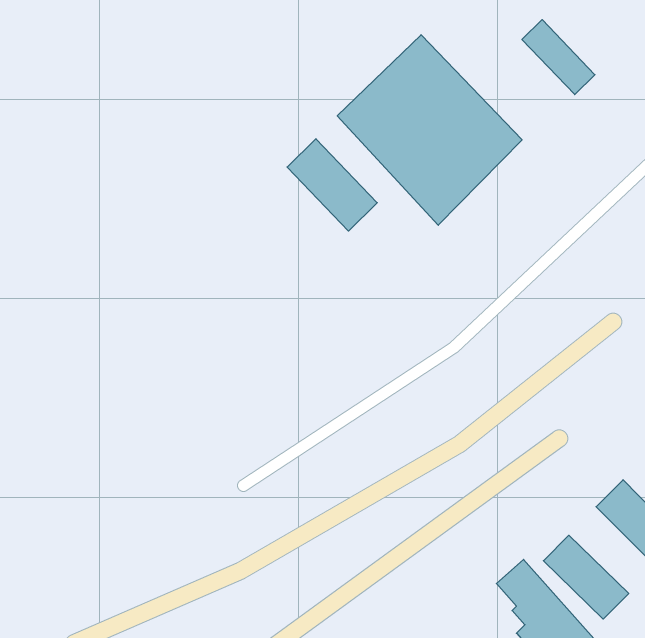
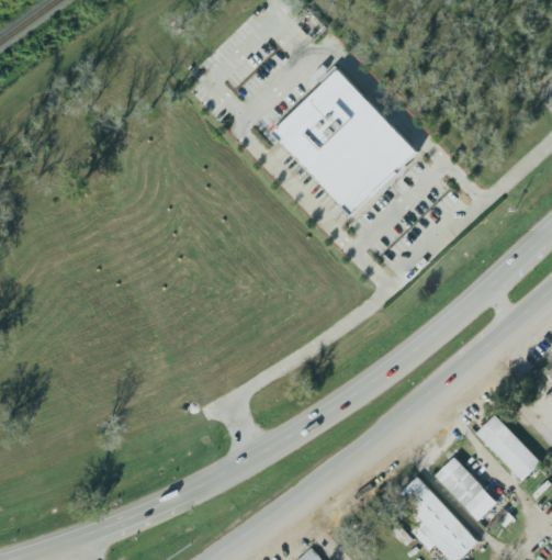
building: [522,20,595,95] -> none
building: [287,139,377,231] -> none

